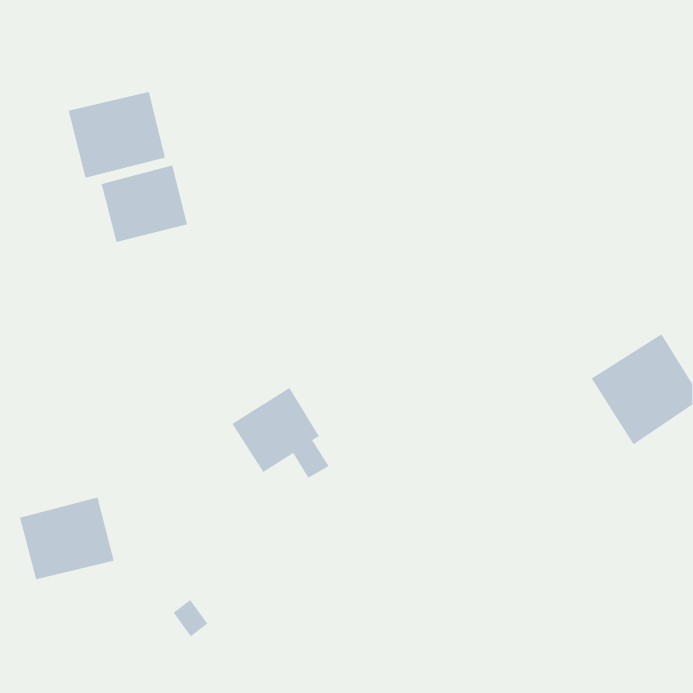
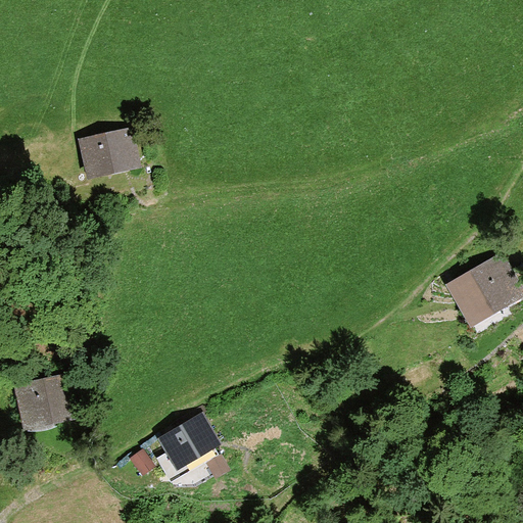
building: [68,91,165,178] -> none
building: [231,387,329,478] -> [155,409,229,477]

